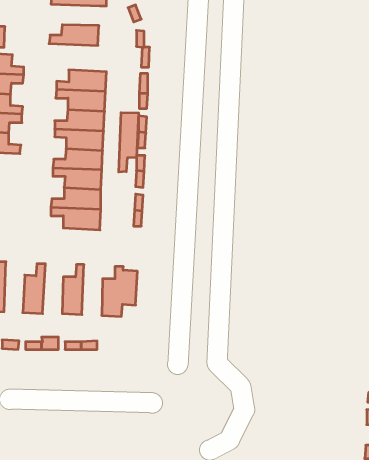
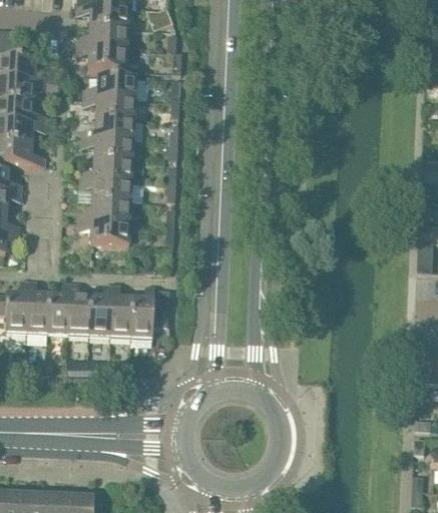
building: none -> [77,6,129,29]
building: none -> [75,48,127,71]
building: [119,113,139,172] -> none
building: none -> [27,281,49,335]
building: none -> [68,283,90,336]
building: none -> [110,284,132,338]

